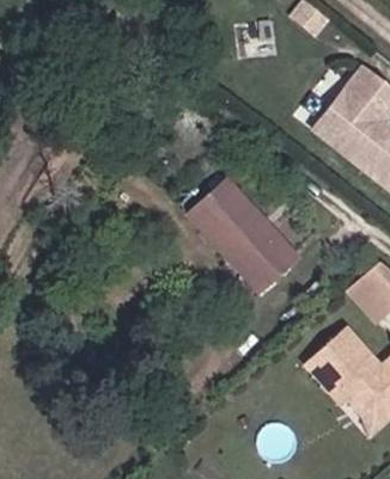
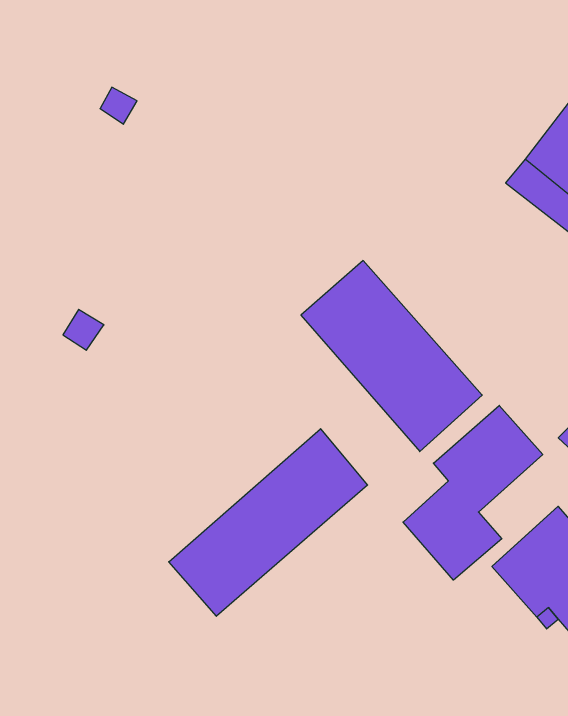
building: none -> [403,405,543,580]
building: none -> [169,429,368,616]

